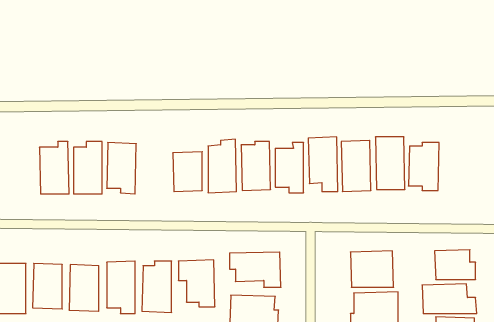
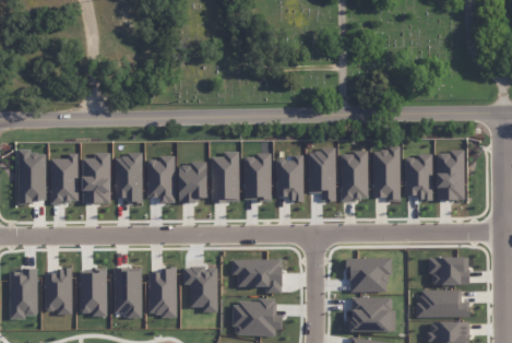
building: none -> [17,151,46,202]
building: none -> [436,151,465,200]
building: none -> [147,155,175,203]

